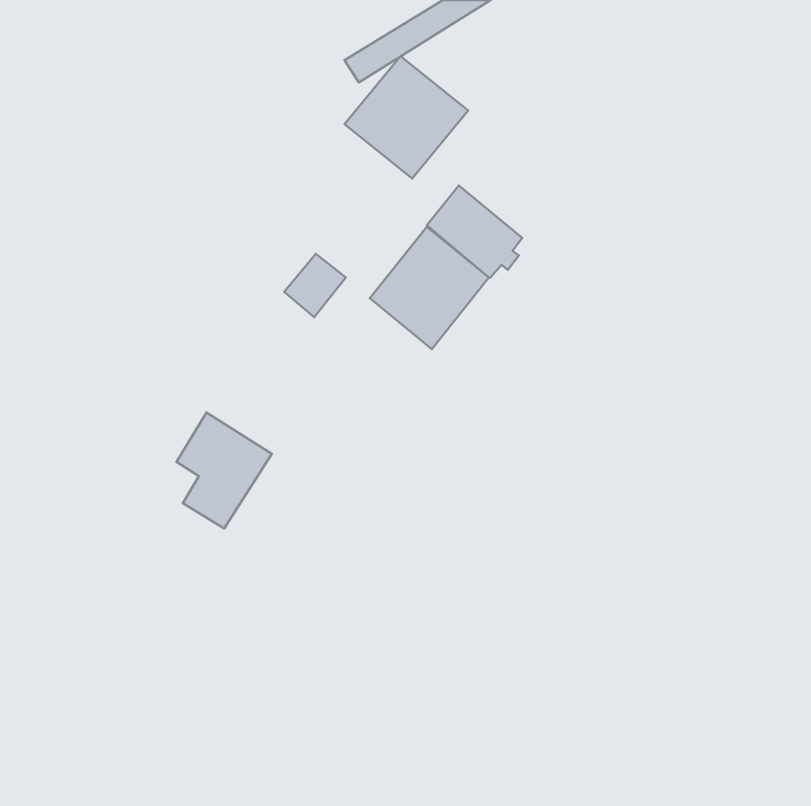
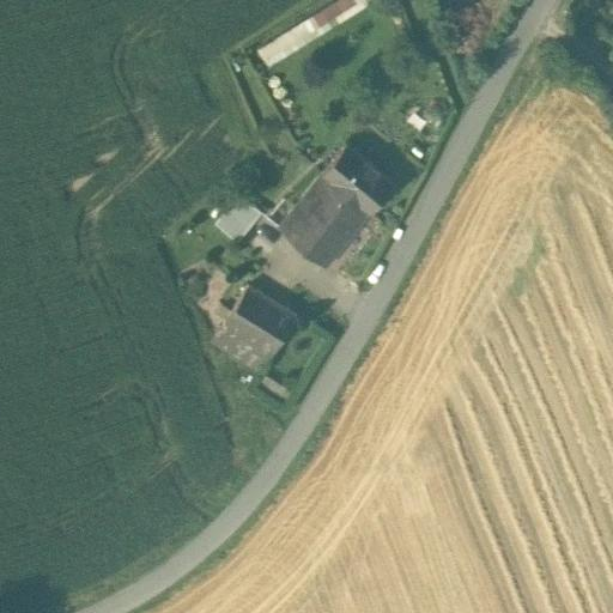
building: [345,56,468,179] -> none
building: [176,413,272,528] -> [224,286,296,374]

